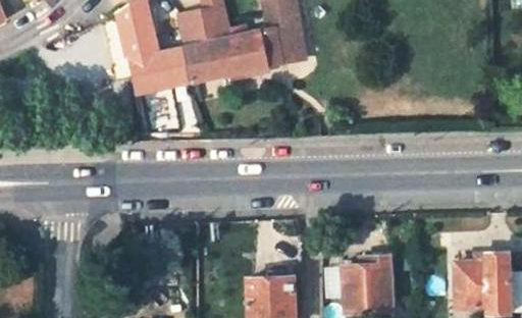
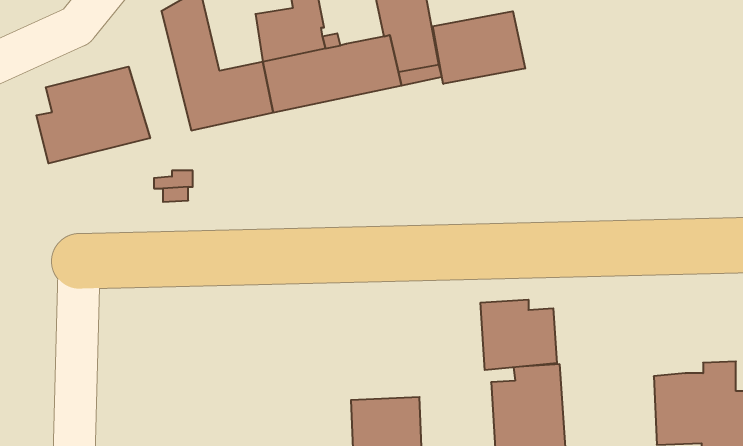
building: none -> [433,11,525,84]
building: none -> [36,67,150,163]
building: none -> [481,300,557,370]

